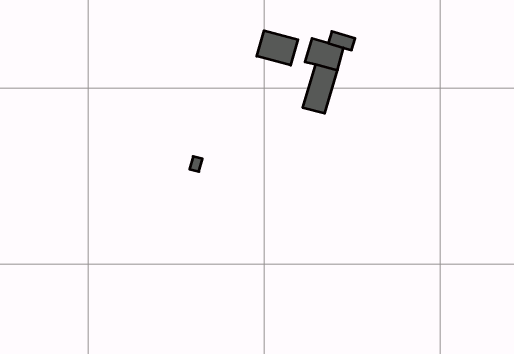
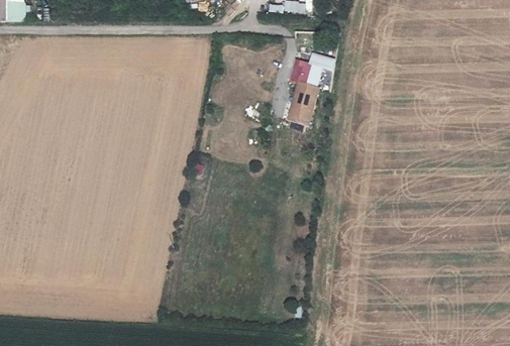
building: [257,31,298,65] -> none

